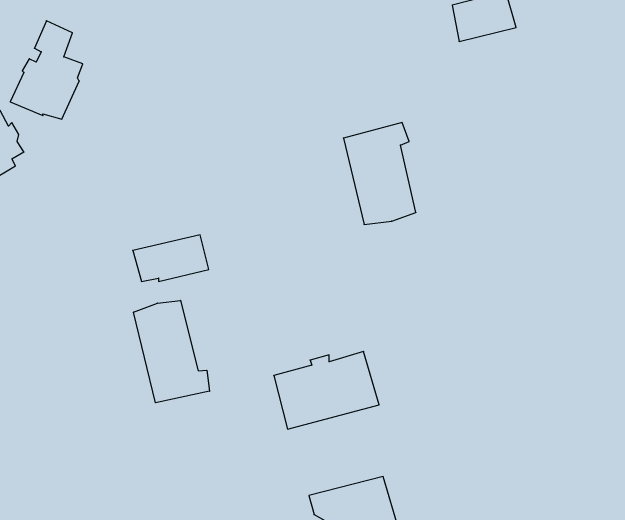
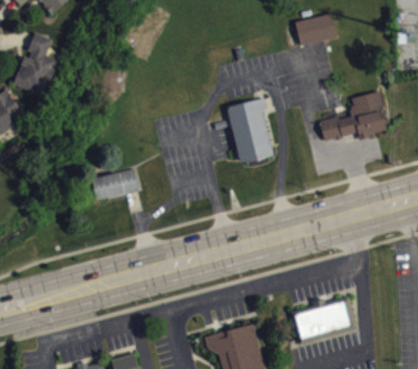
building: none -> [318,92,386,141]
building: [134,300,210,403] -> none
building: [274,351,379,429] -> [290,296,357,346]

